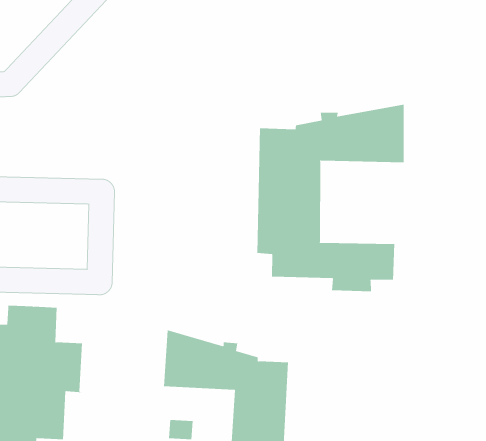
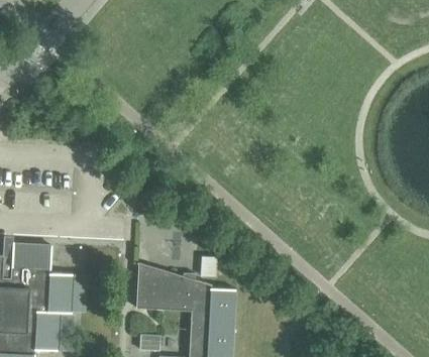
building: [257,103,407,292] -> none

